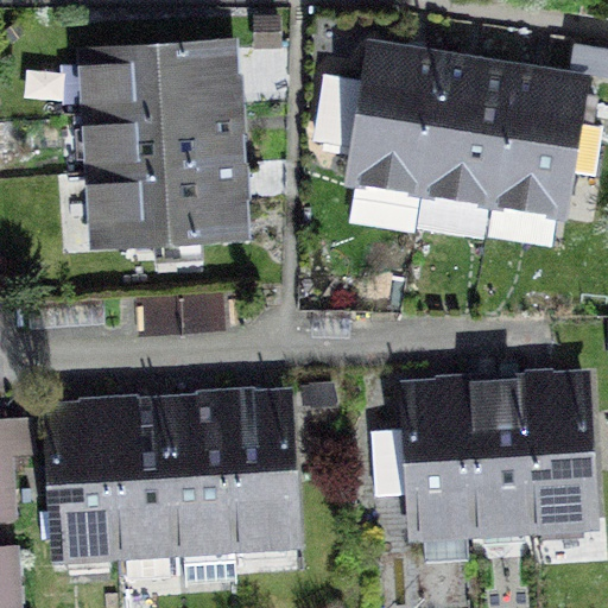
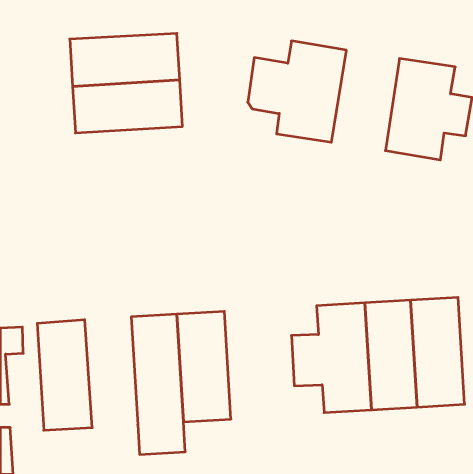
building: [420,64,513,234] -> none
building: [100,162,241,241] -> none
building: [112,405,179,575] -> none

